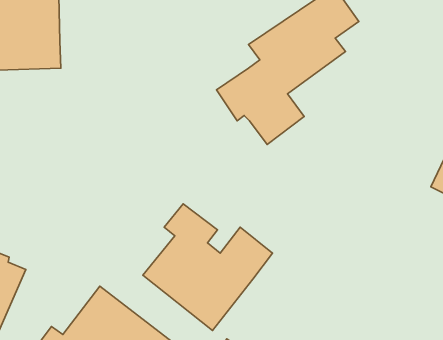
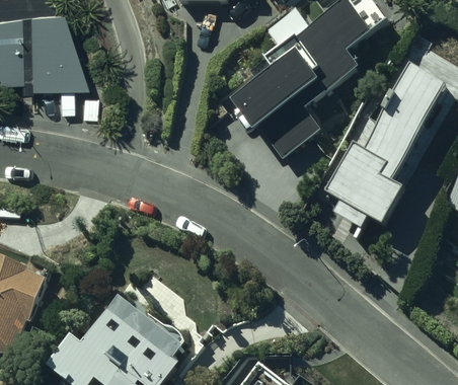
building: none -> [323,67,450,226]
building: [143,204,273,331] -> none

